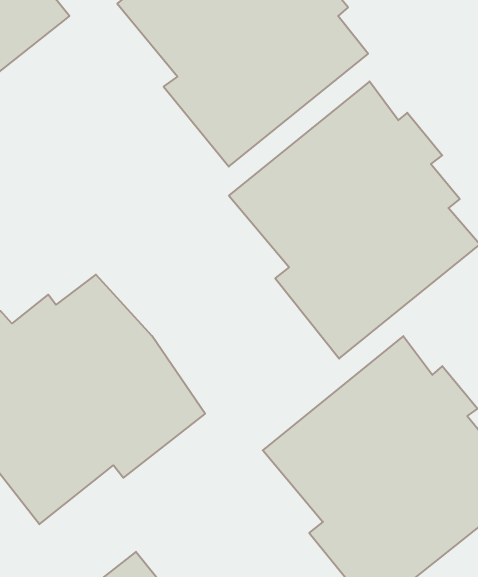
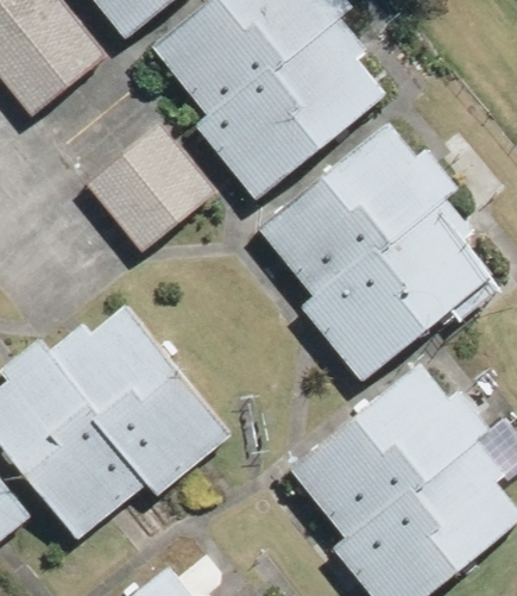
building: none -> [87,125,214,251]

